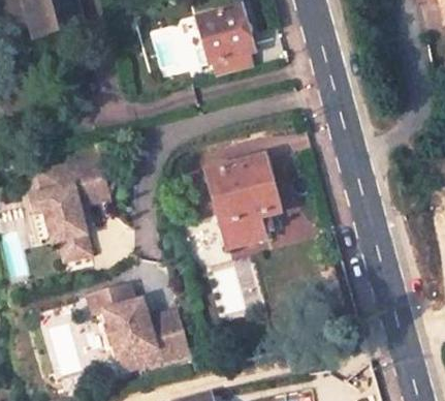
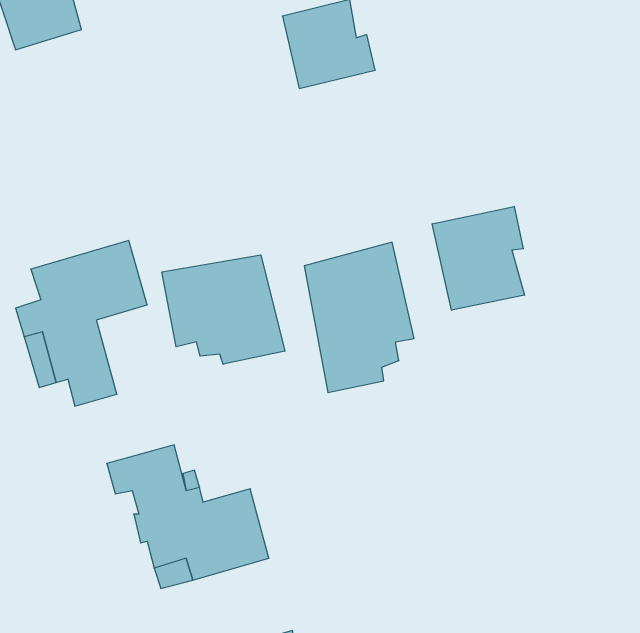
building: none -> [432,206,524,310]
building: none -> [162,255,285,364]

